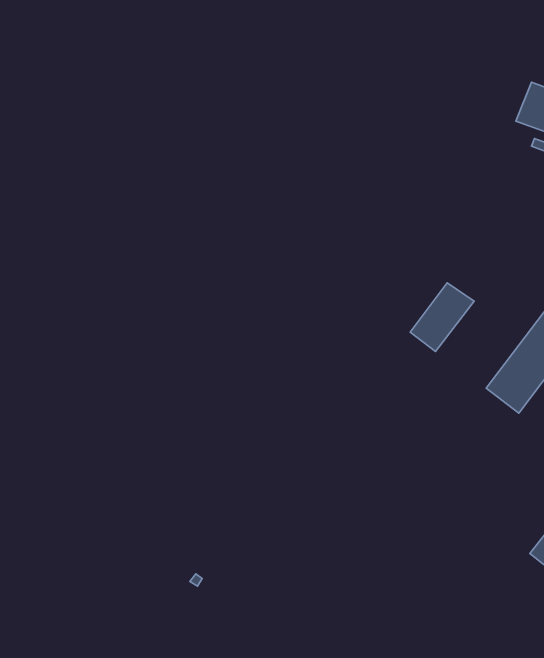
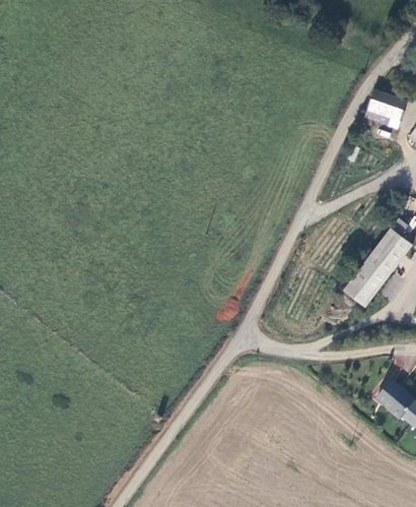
building: [410,283,474,351] -> none

